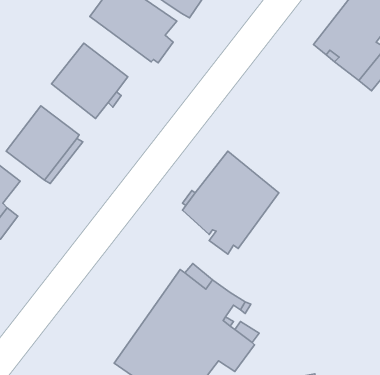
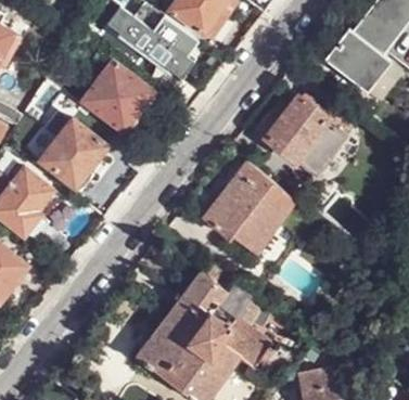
building: none -> [255,93,356,177]

